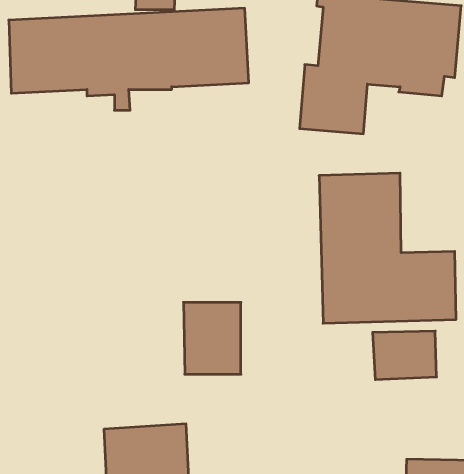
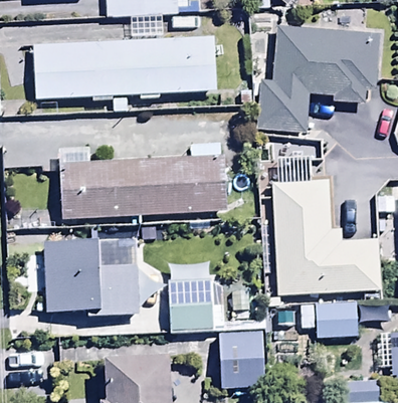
building: none -> [59,143,232,205]
building: none -> [45,243,162,323]
building: none -> [218,316,266,375]

